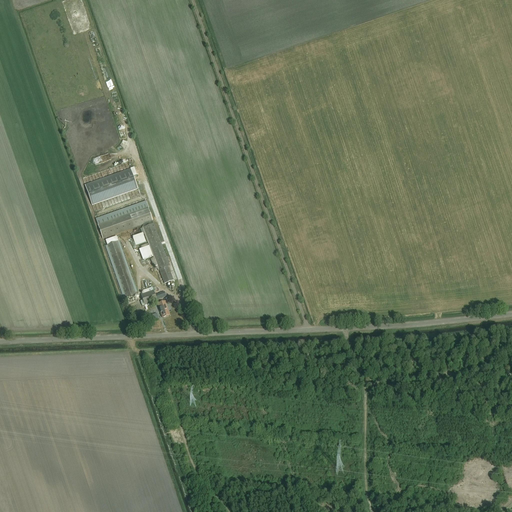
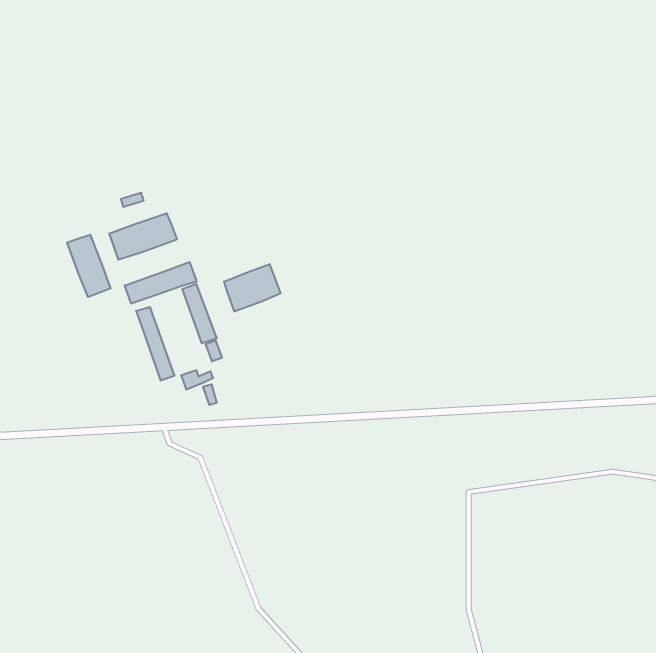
building: none -> [67,235,111,297]
building: none -> [224,264,281,312]

